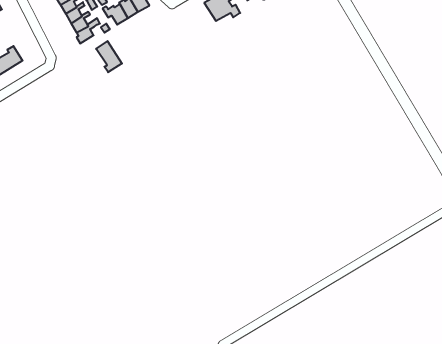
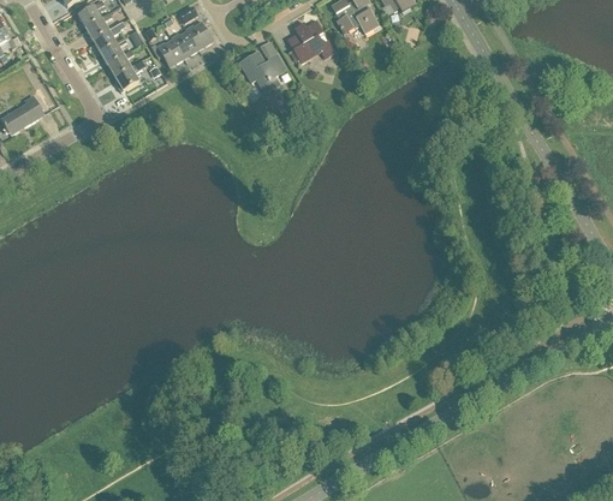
building: none -> [239,50,285,91]
building: [96,41,122,72] -> none

